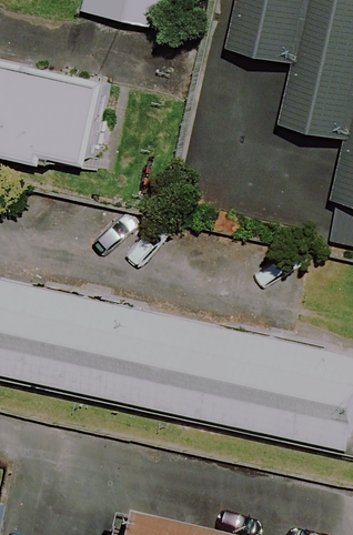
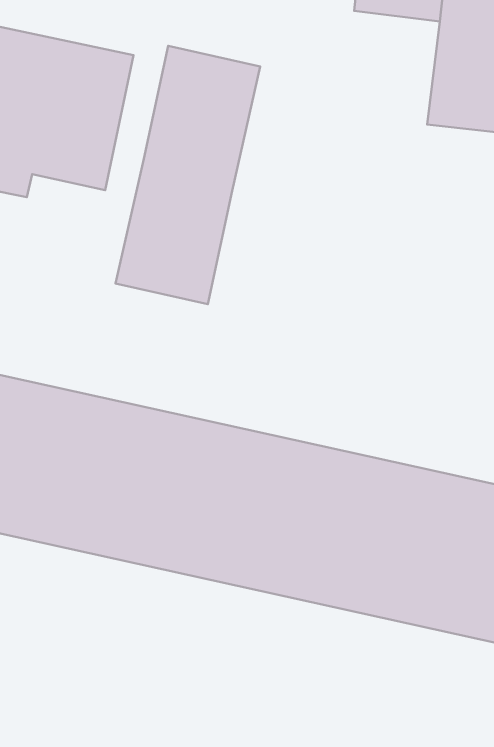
building: none -> [116,46,260,304]

